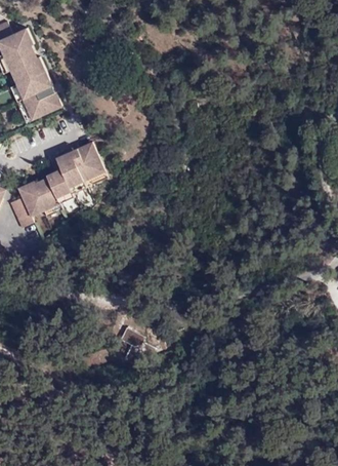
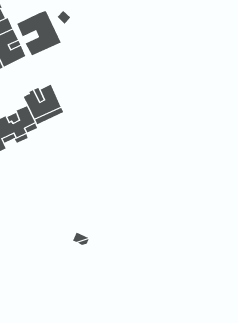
building: none -> [16,10,61,56]

